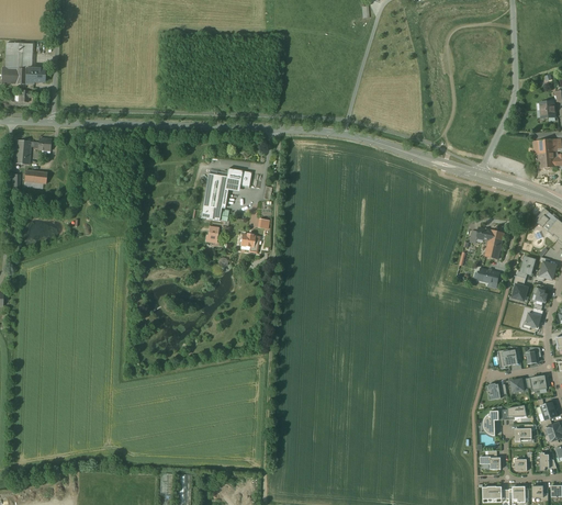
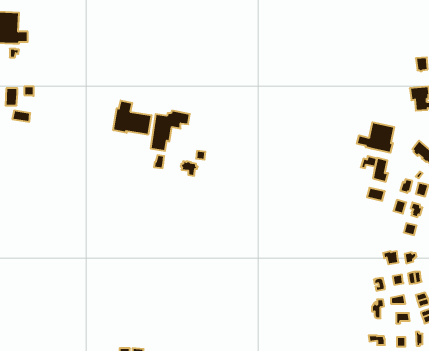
building: none -> [113,100,151,135]
building: none -> [357,122,394,153]

